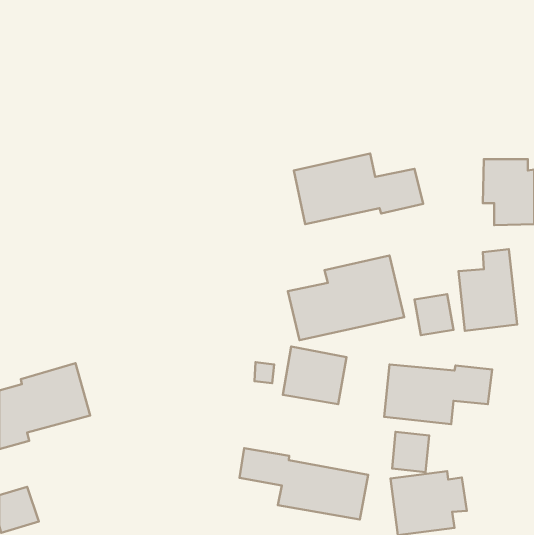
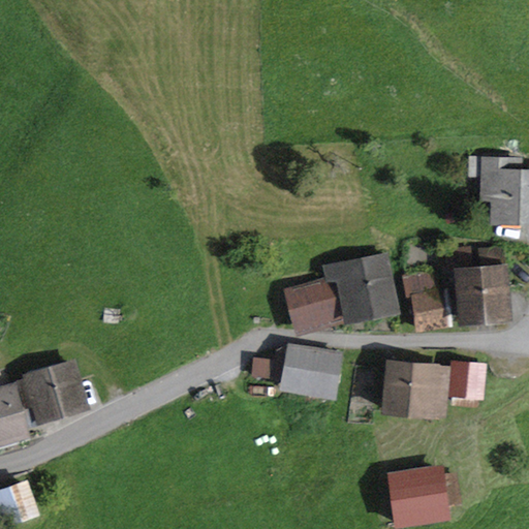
building: [294,153,423,224] -> none
building: [392,432,429,472] -> none
building: [240,448,368,520] -> none

